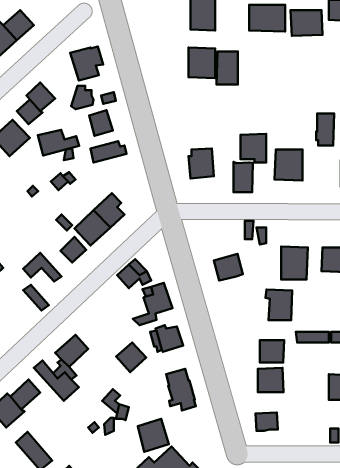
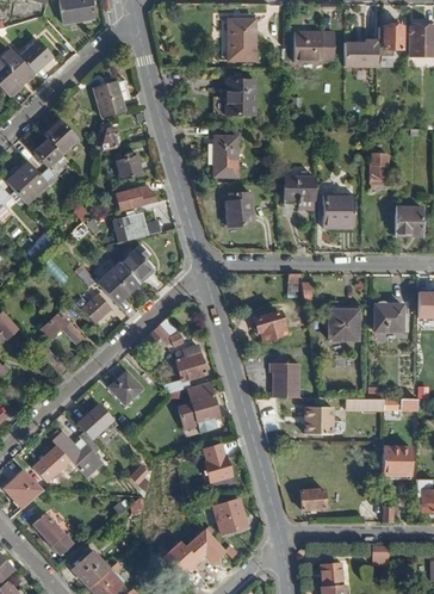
building: [216,51,238,84] -> [213,137,237,174]
building: [38,130,79,155] -> [113,212,160,241]
building: [233,162,253,192] -> none
building: [265,289,292,320] -> [269,363,299,397]
building: [116,343,146,372] -> [108,370,142,403]
building: [258,368,284,392] -> none
building: [138,419,169,452] -> [212,496,247,533]

